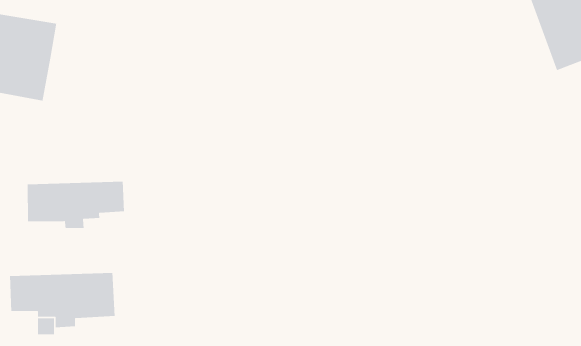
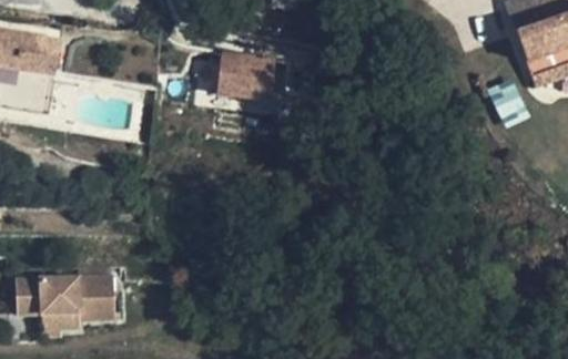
building: none -> [216,54,288,104]
building: [27,181,125,229] -> none

